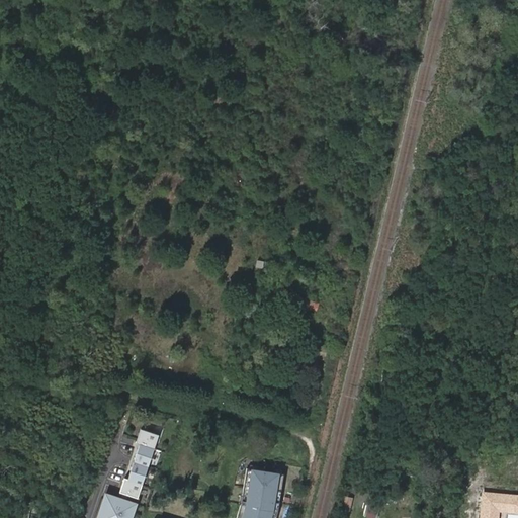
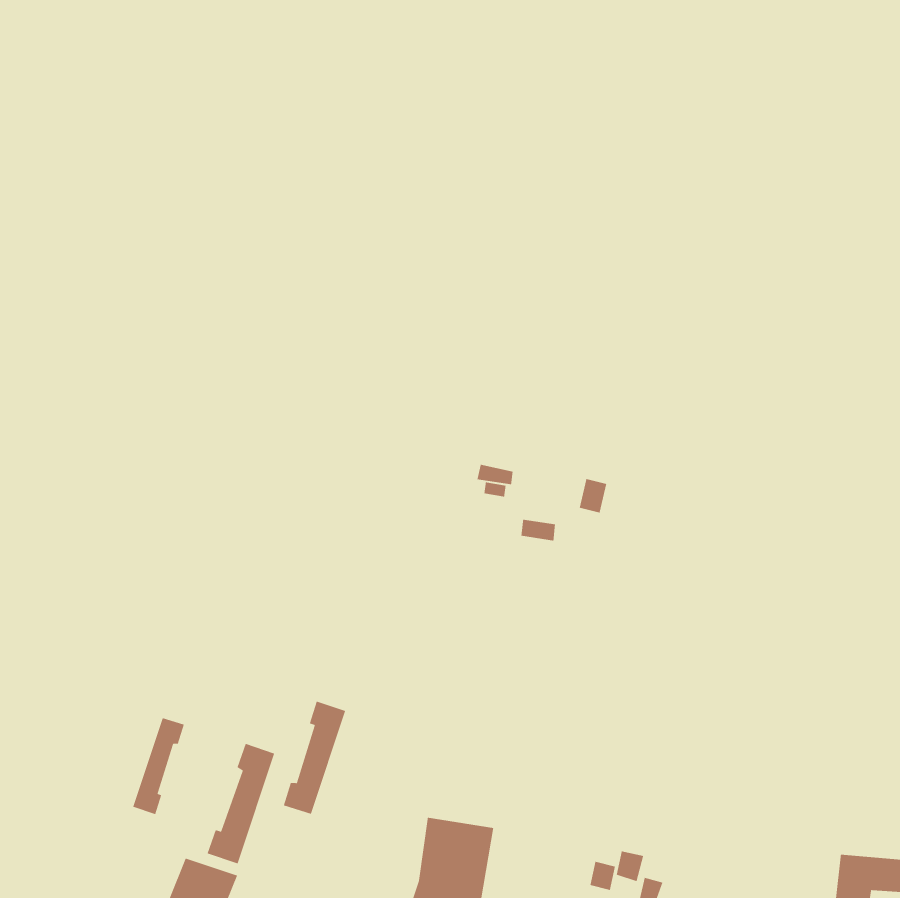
building: none -> [283,701,346,815]
building: none -> [132,717,185,815]

